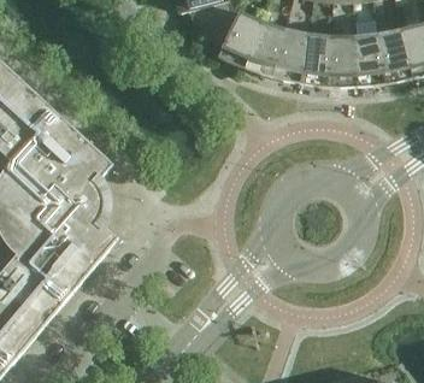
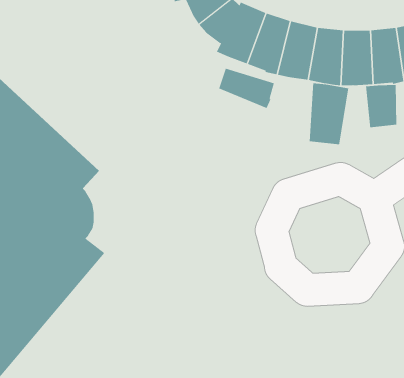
building: none -> [218,68,275,109]
building: none -> [309,82,349,145]
building: none -> [365,84,397,128]

